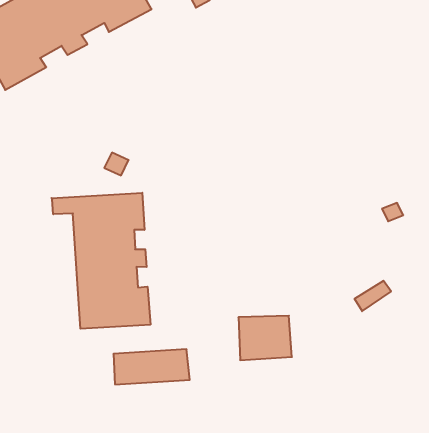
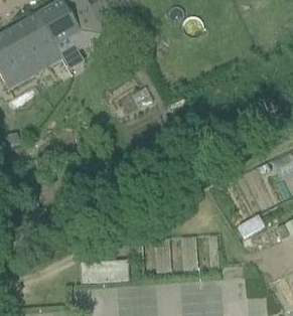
building: [51,193,150,329] -> none

